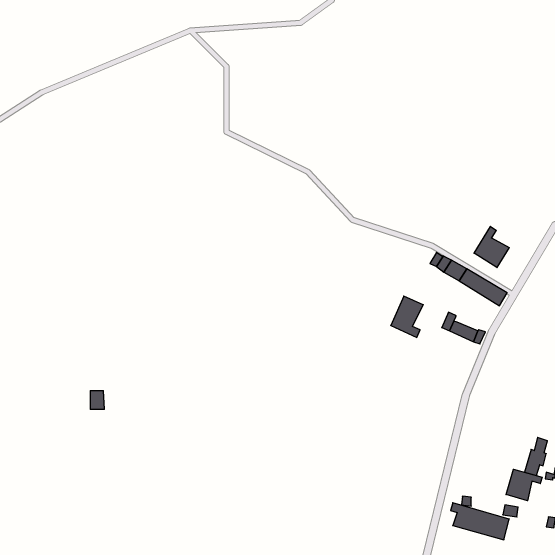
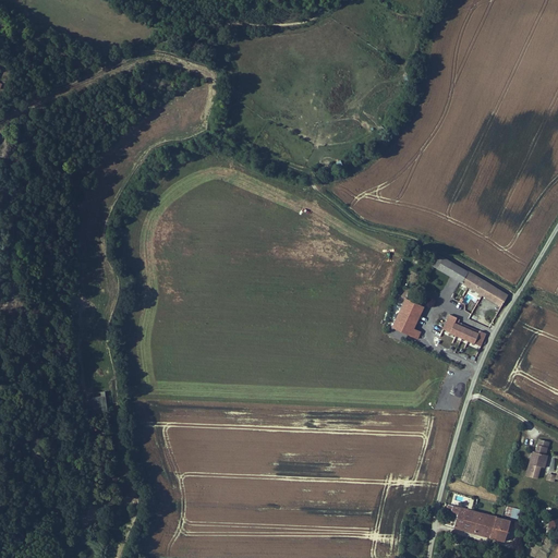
building: [474,226,509,268] -> none
building: [506,469,542,501] -> none

